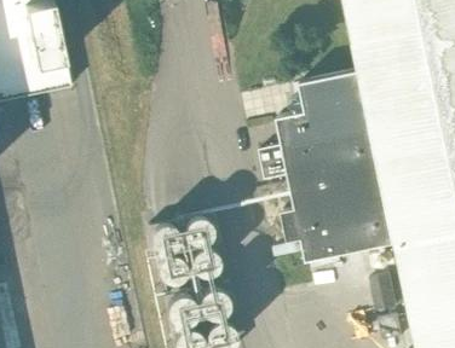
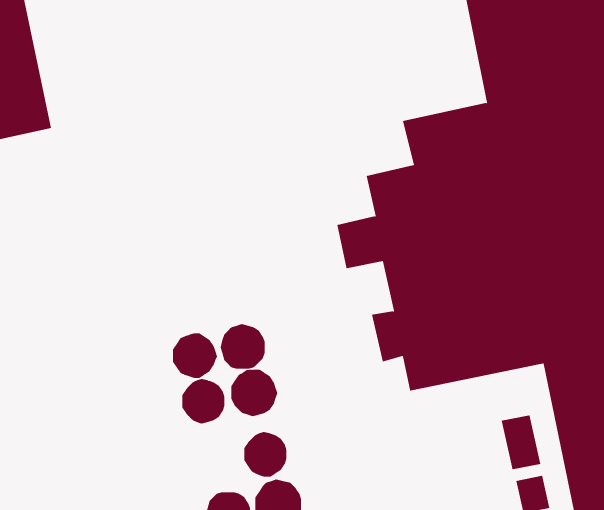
building: [165,292,197,326] -> none

